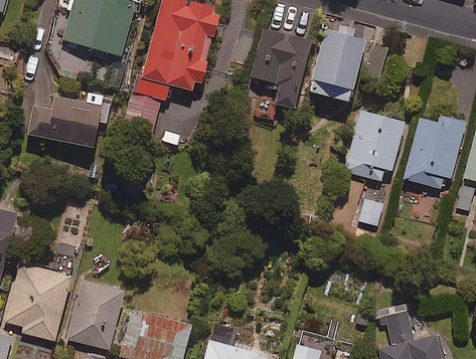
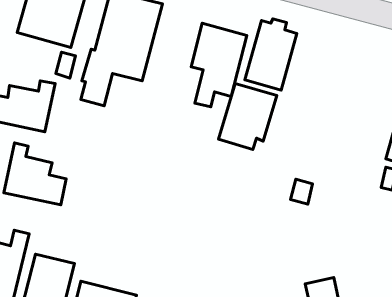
building: [342,110,406,181] -> [219,84,277,149]
building: [404,116,464,188] -> none
building: none -> [4,143,66,205]

